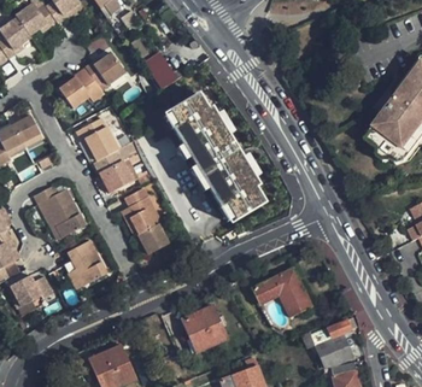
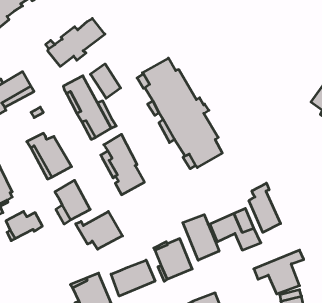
building: [143,48,178,88] -> [90,64,121,98]
building: none -> [249,183,281,232]
building: none -> [76,211,123,249]
building: none -> [183,215,219,260]
building: none -> [111,260,155,296]

